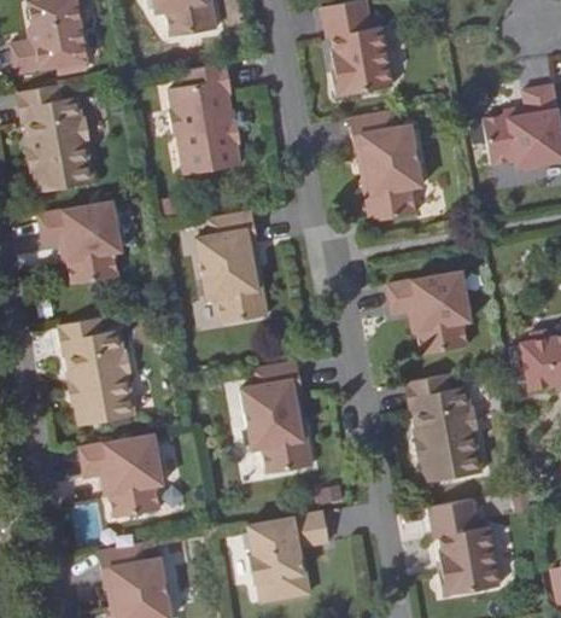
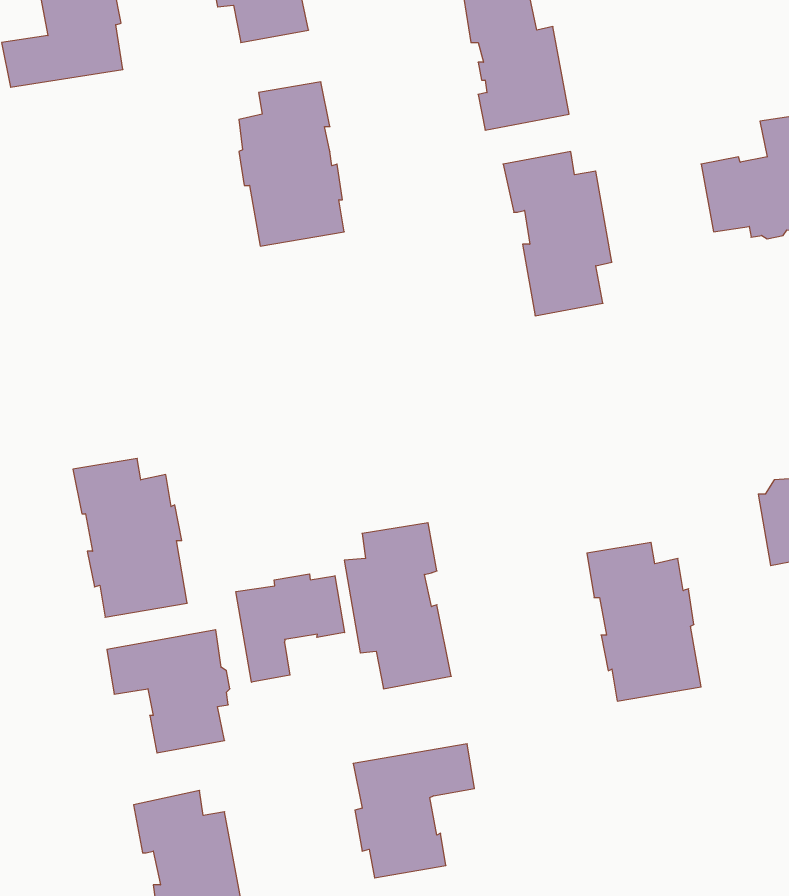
building: [16,86,93,193] -> none
building: [37,202,122,285] -> none
building: [195,211,267,323] -> none
building: [387,272,472,355] -> none
building: none -> [236,574,345,682]
building: [428,500,498,596] -> none

